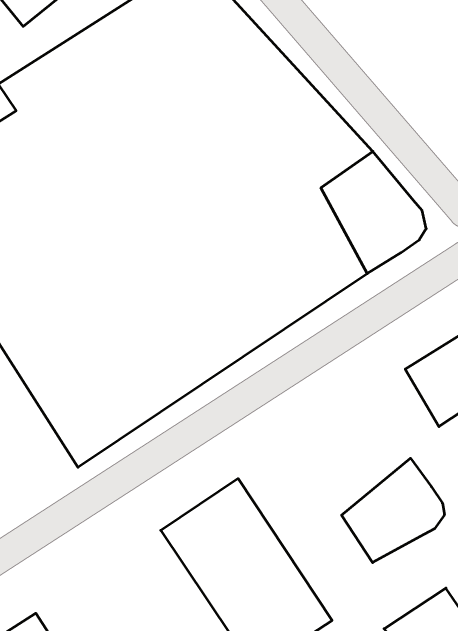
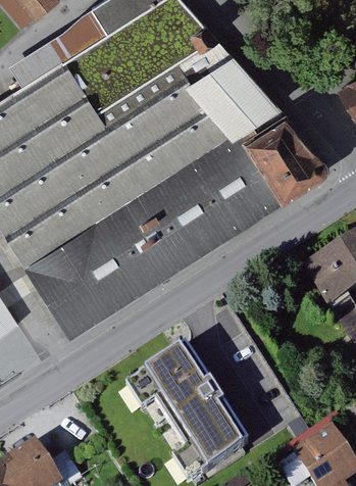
building: [342,458,444,563] -> none

